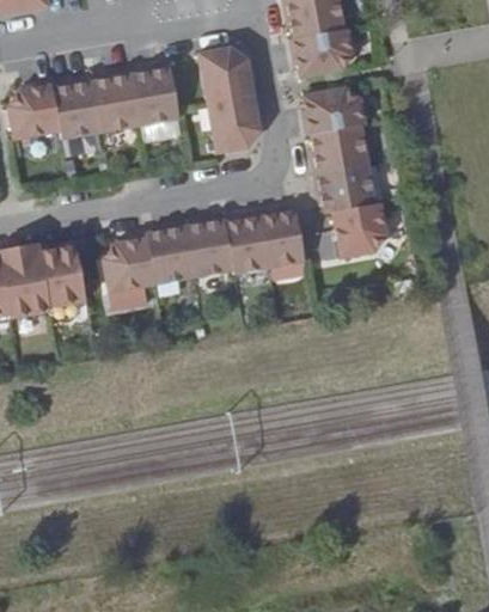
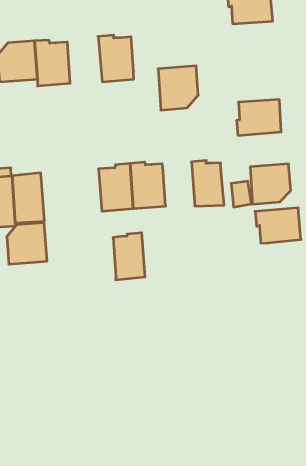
building: [291,29,352,76] -> none
building: [198,48,255,103] -> none
building: [93,71,141,131] -> none
building: [304,88,365,135] -> none
building: [314,165,374,213] -> [255,208,301,243]
building: [226,213,270,274] -> [113,233,145,280]
building: [104,238,157,293] -> [7,223,47,264]

